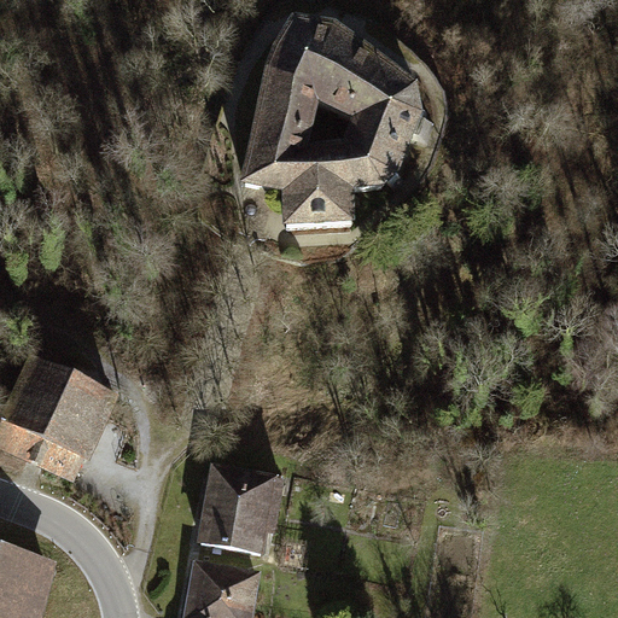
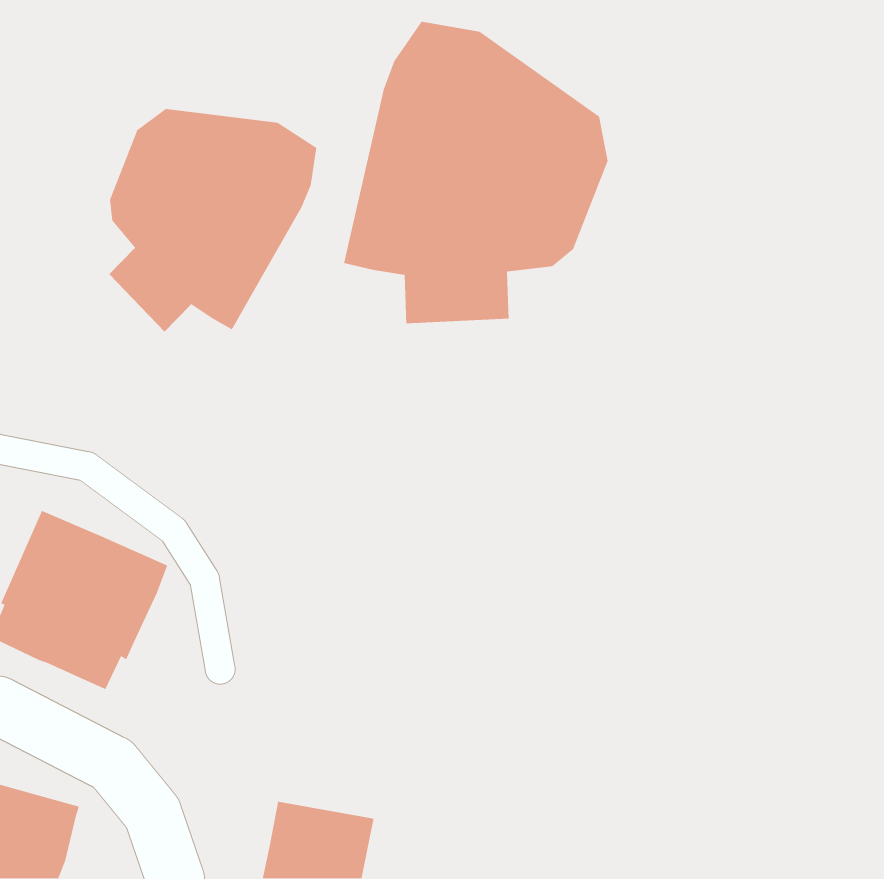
building: none -> [108,108,317,333]
building: [196,462,285,555] -> none

